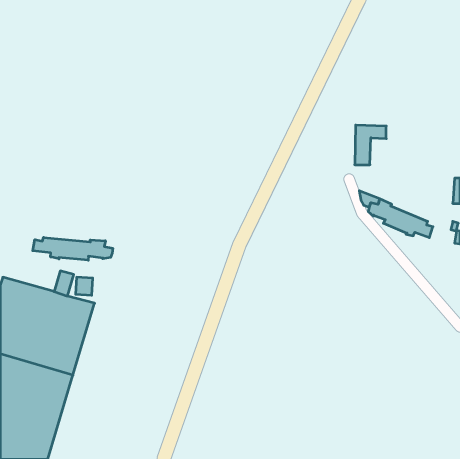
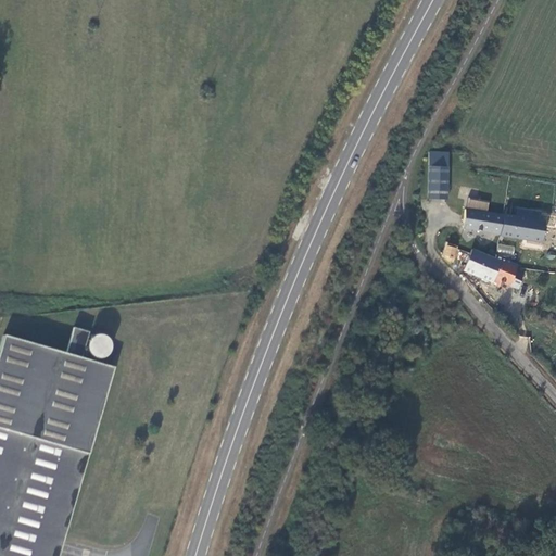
building: none -> [460,207,543,240]
building: [33,237,113,260] -> none

